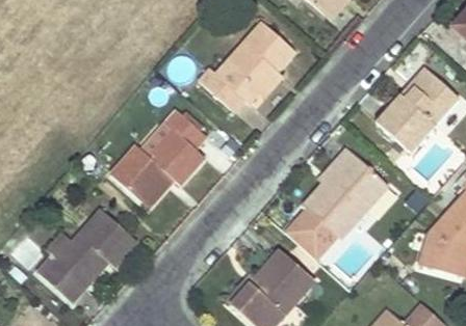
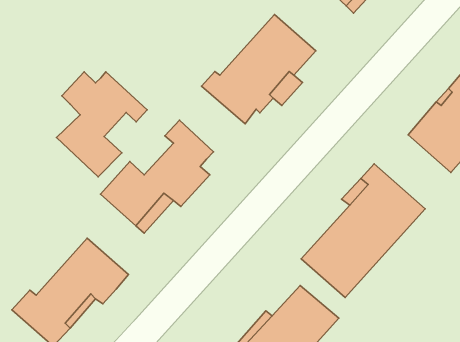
building: none -> [56,72,147,177]

